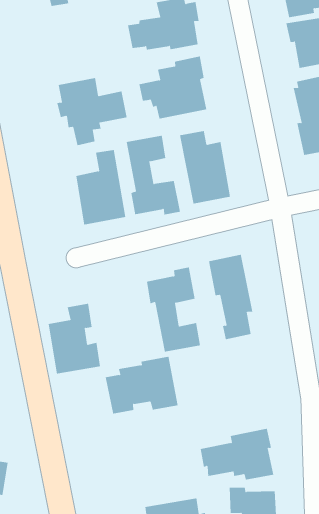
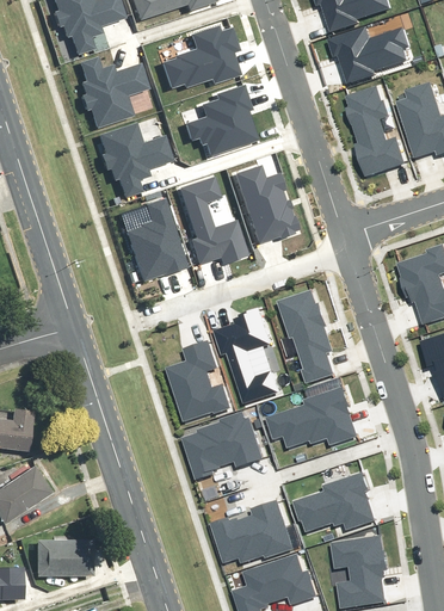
building: none -> [76,53,149,126]
building: [48,303,101,374] -> [169,340,232,420]
building: none -> [271,387,357,445]
building: none -> [214,498,296,563]

